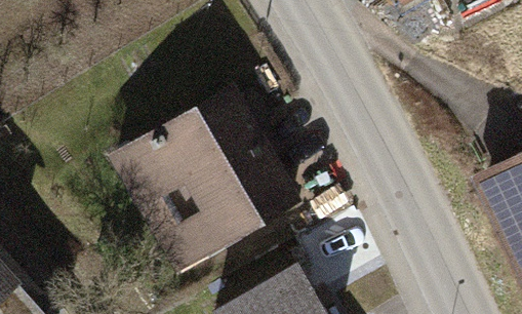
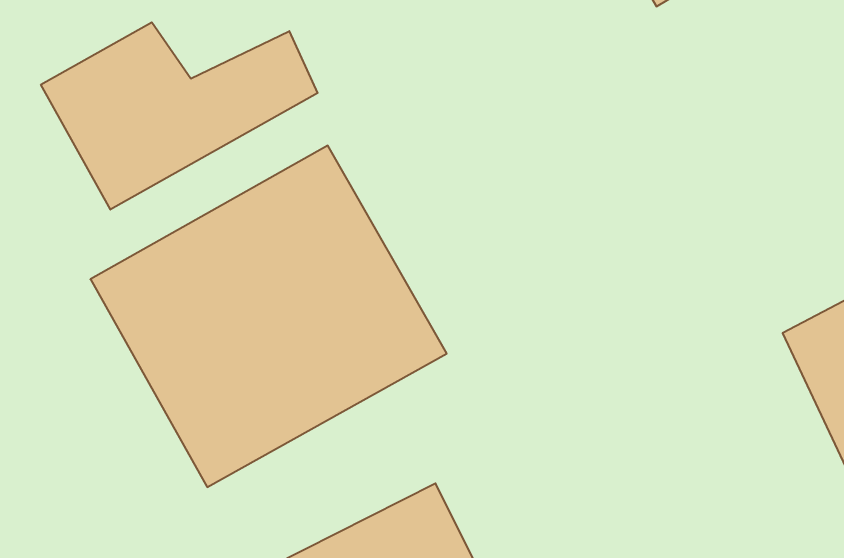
building: none -> [41,22,318,210]

